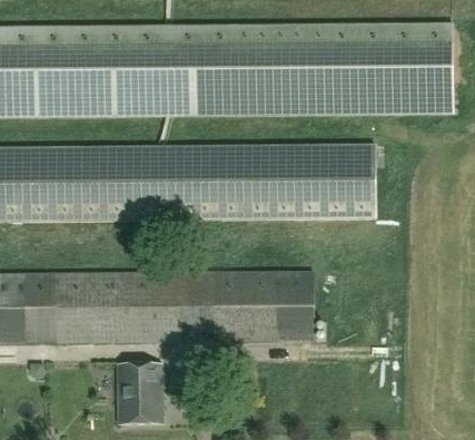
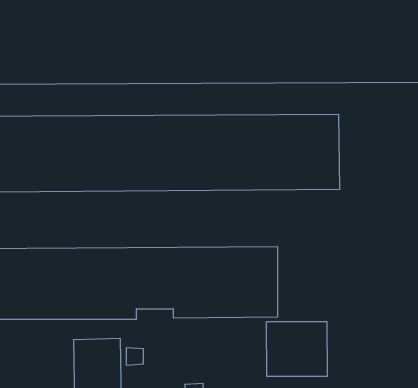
building: none -> [267,321,327,377]

